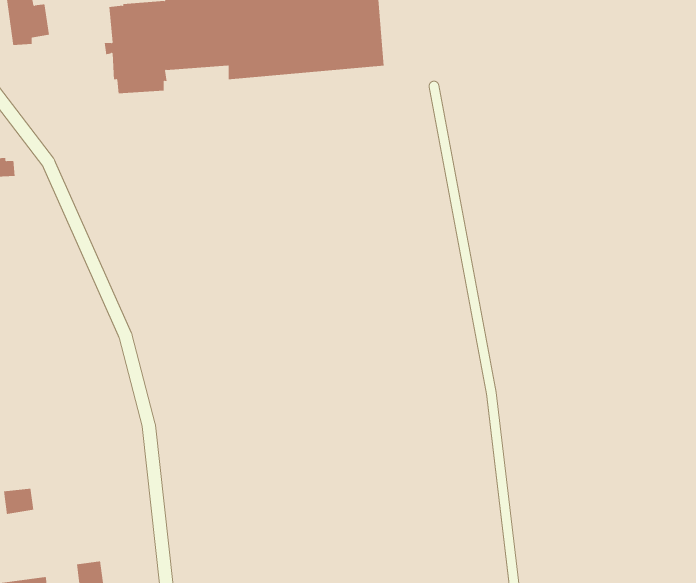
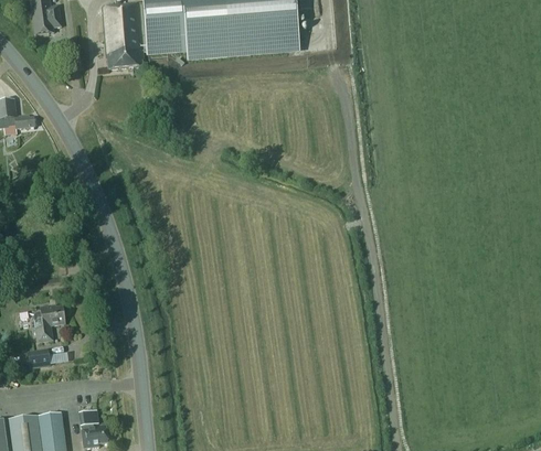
building: none -> [34,305,64,341]

